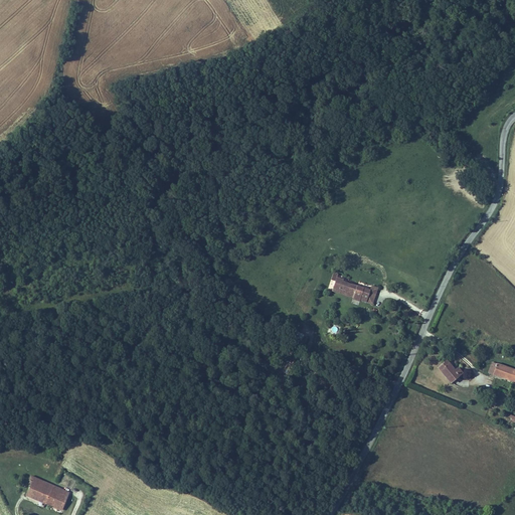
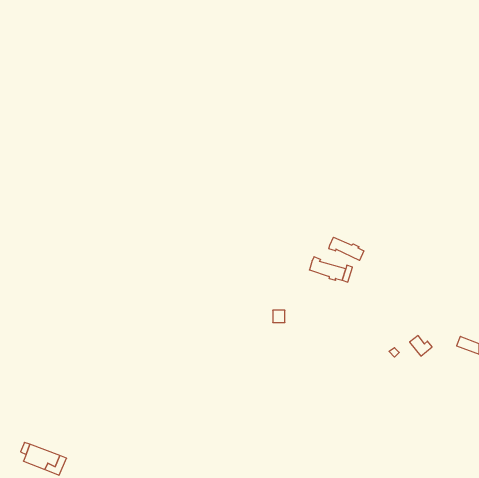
building: none -> [329,237,364,260]

